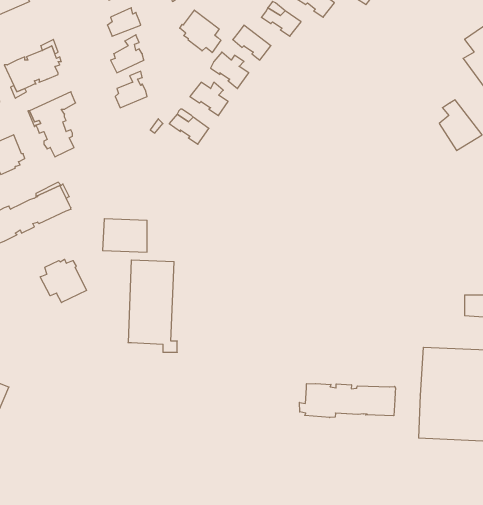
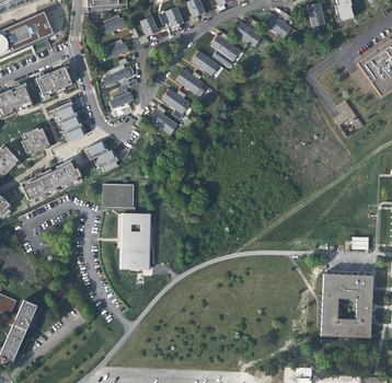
building: [180,10,221,53] -> none
building: none -> [87,141,117,171]
building: [40,259,87,303] -> none
building: [299,384,395,418] -> none

